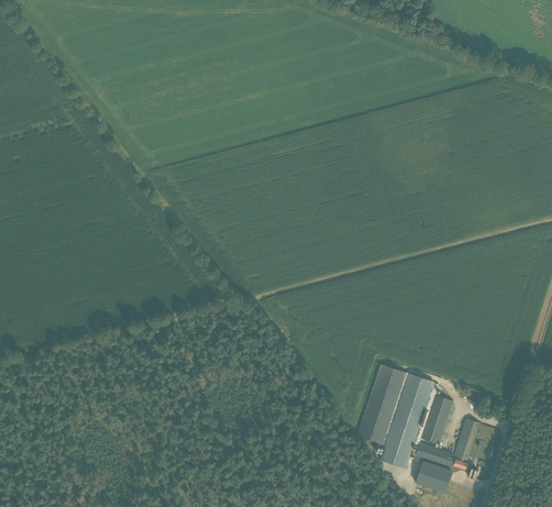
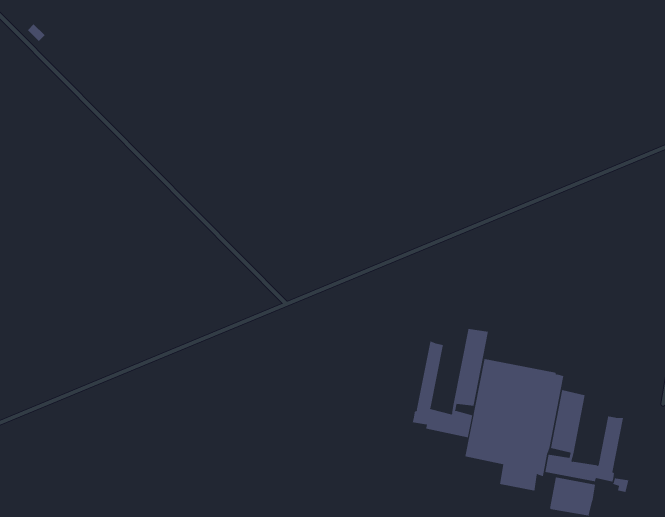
building: none -> [412,328,489,438]

